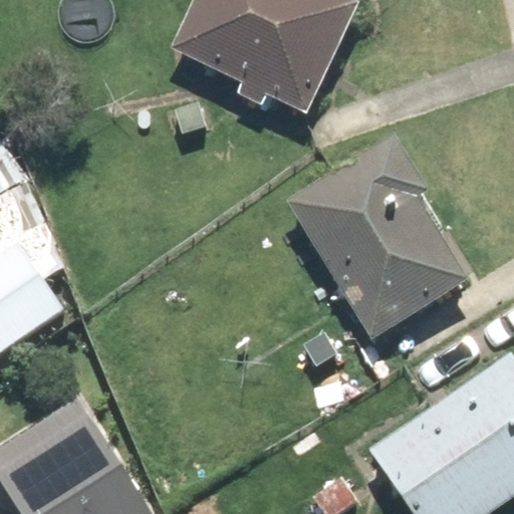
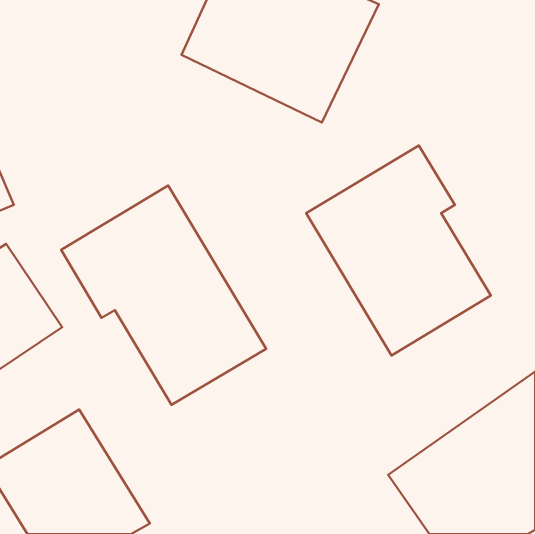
building: none -> [61,185,266,405]

